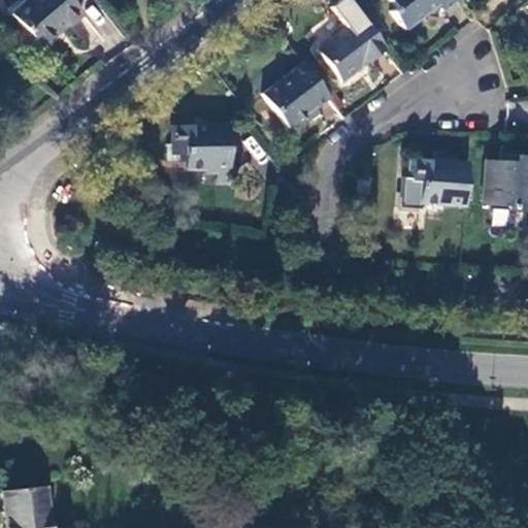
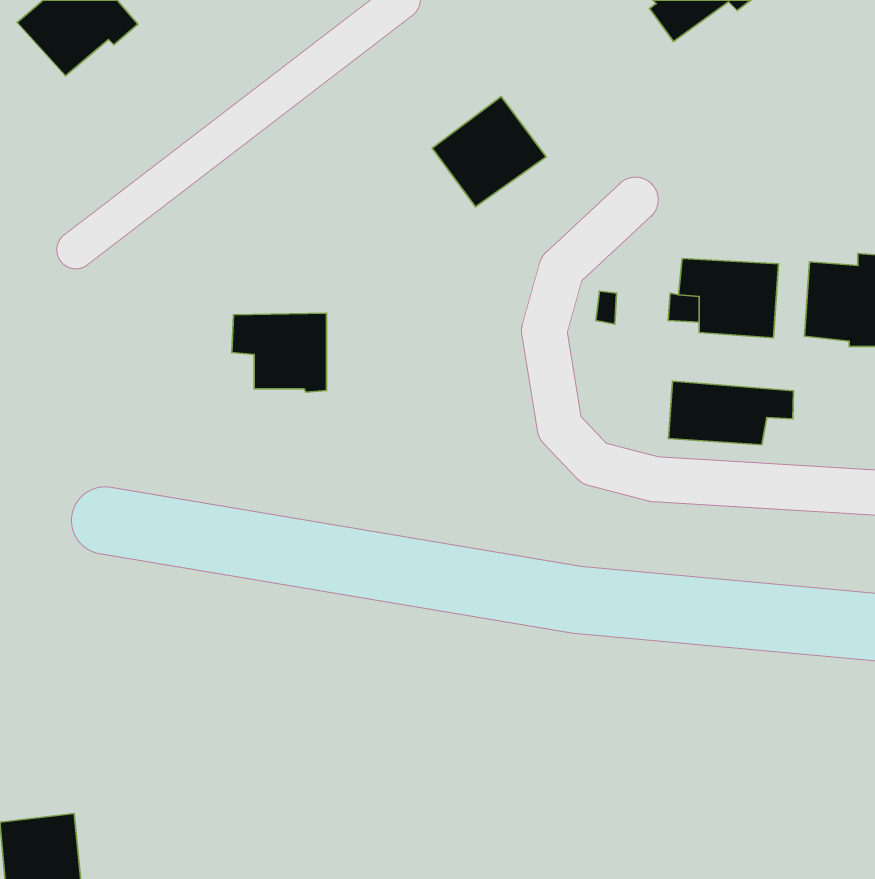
building: [319,12,389,80] -> none
building: [173,122,230,169] -> [232,313,327,392]
building: none -> [669,381,794,445]

